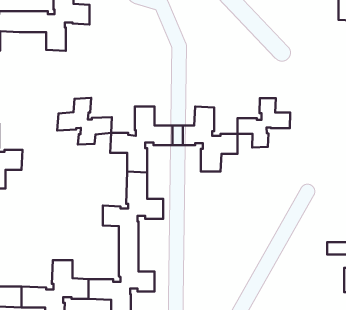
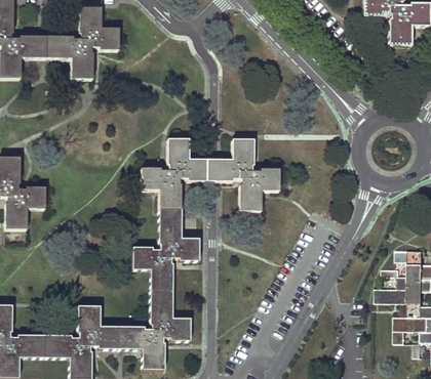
building: [57,98,112,145] -> none
building: [237,98,290,147] -> none

